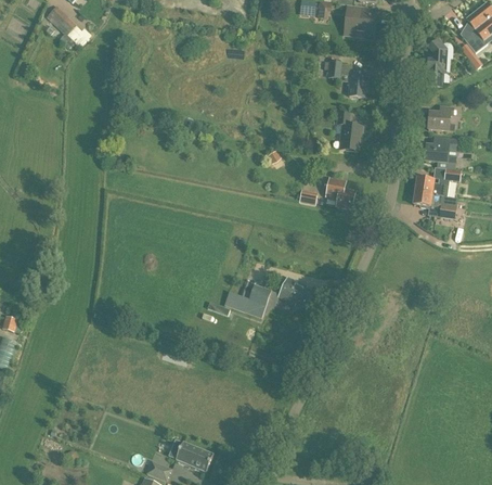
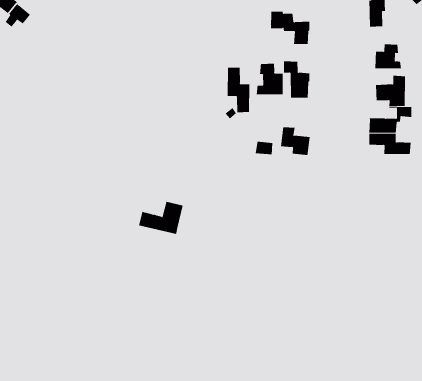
building: none -> [227,67,250,113]
building: none -> [256,63,283,95]
building: [277,276,313,306] -> none
building: [223,282,271,317] -> [138,201,184,234]

